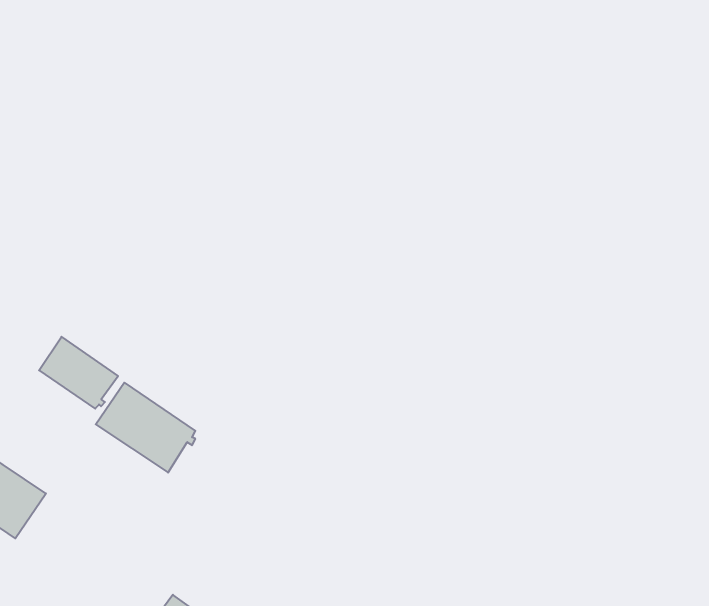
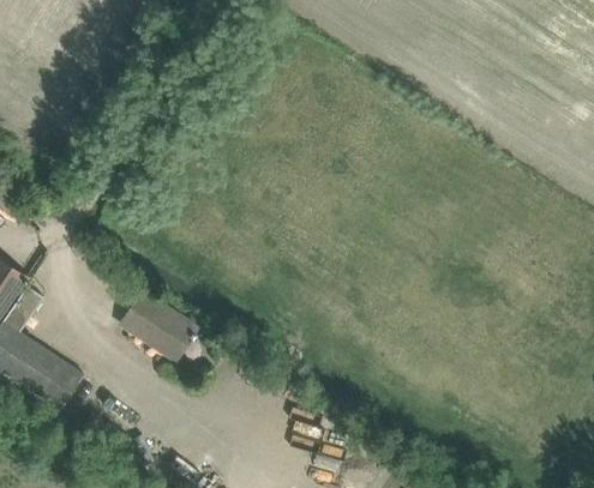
building: [39,337,118,409] -> none

